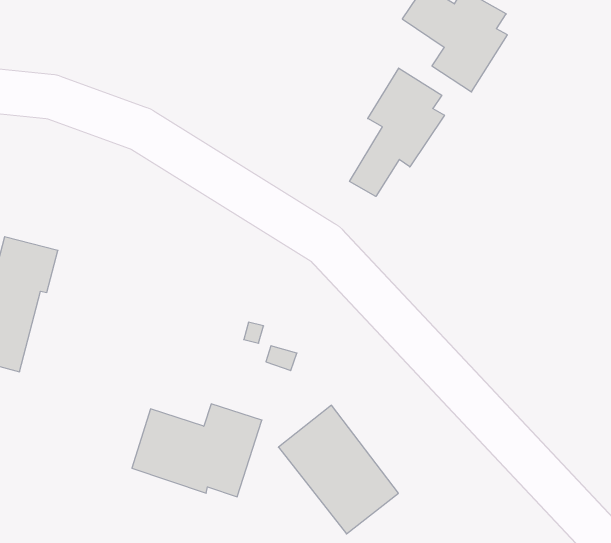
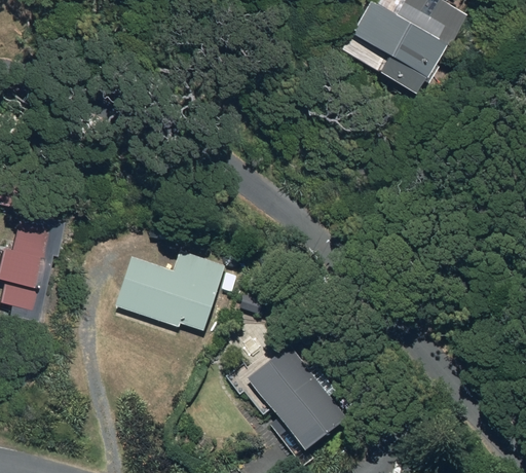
building: [350,68,444,196] -> none
building: [132,404,262,497] -> [116,254,224,331]

